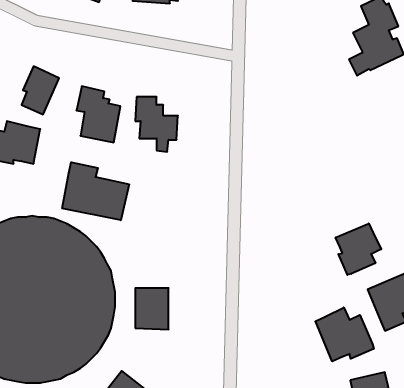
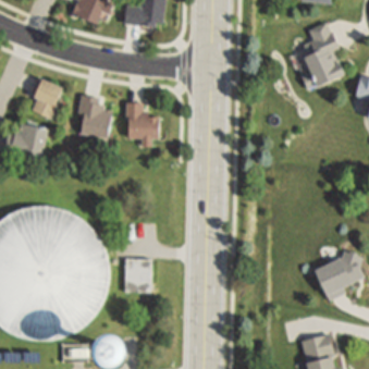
building: [62,162,129,220] -> none
building: [336,223,381,275] -> none
building: [315,307,374,361] -> none

